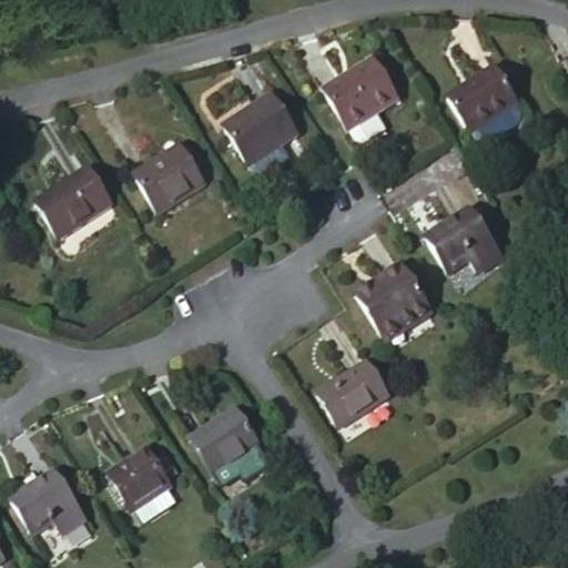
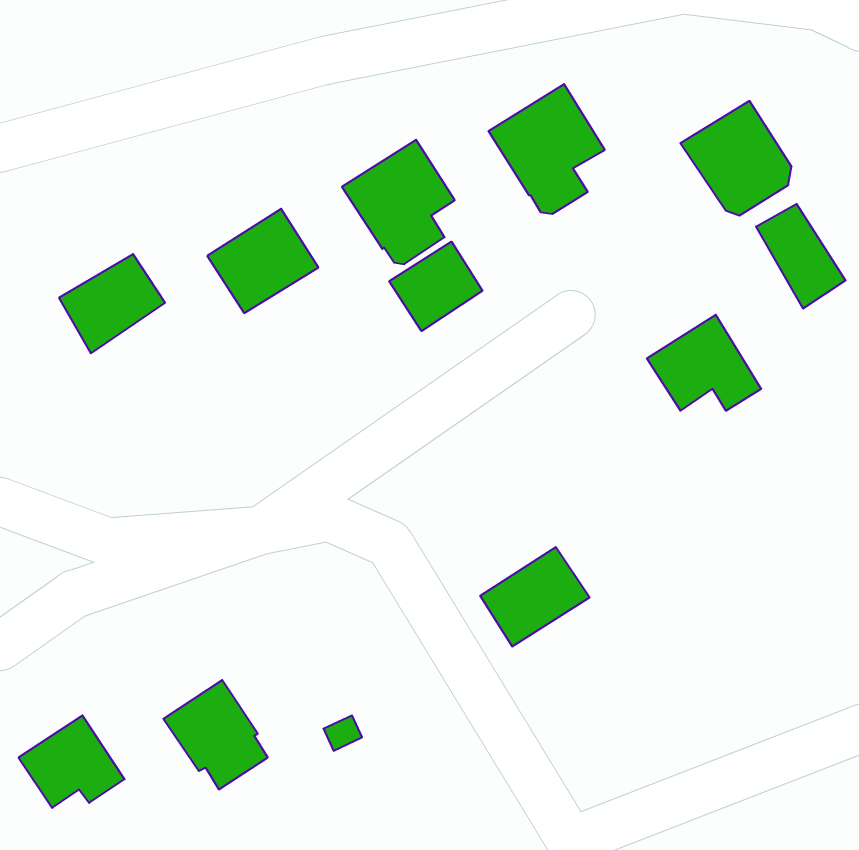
building: none -> [756,204,846,309]
building: none -> [389,242,482,331]
building: [357,266,429,338] -> none
building: [190,407,260,474] -> none

